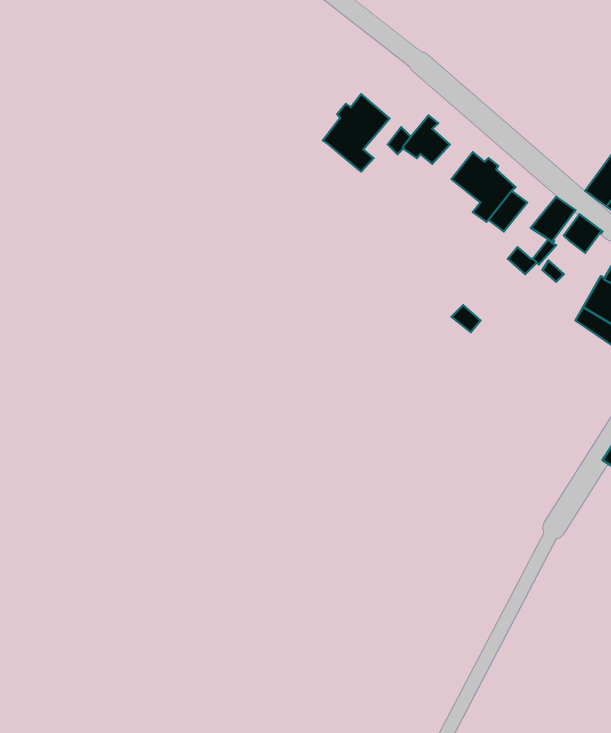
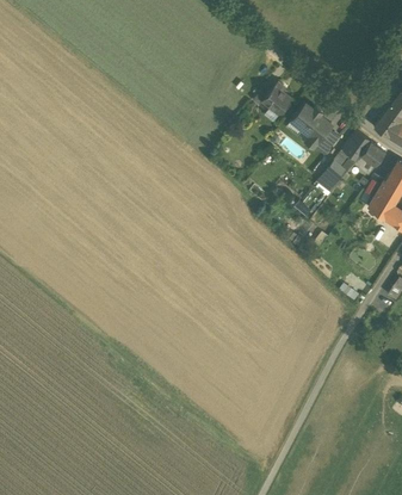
building: [323,94,389,171] -> none

